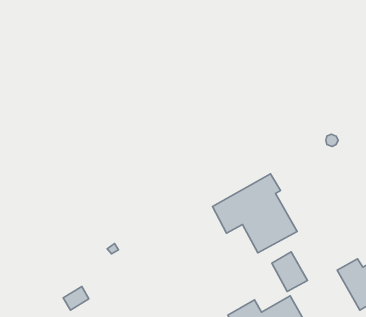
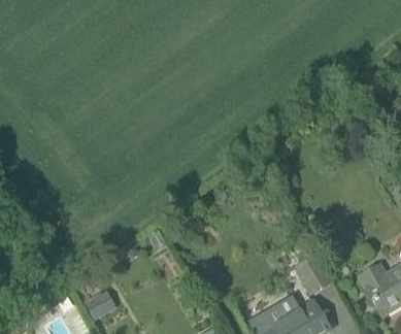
building: [212,174,297,253] -> none

